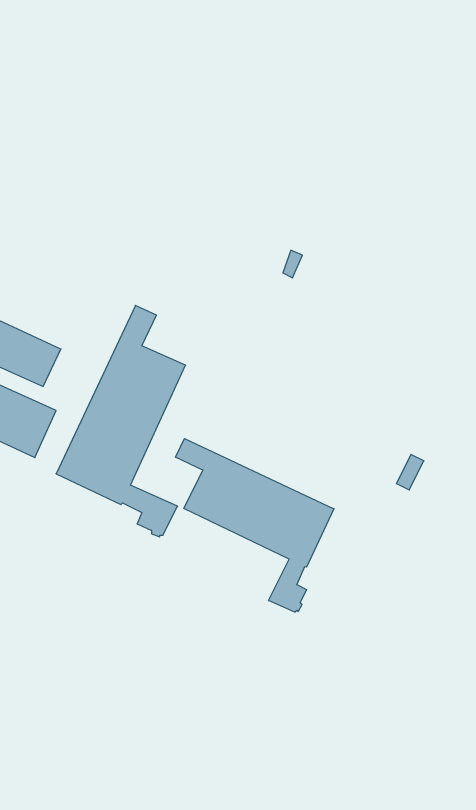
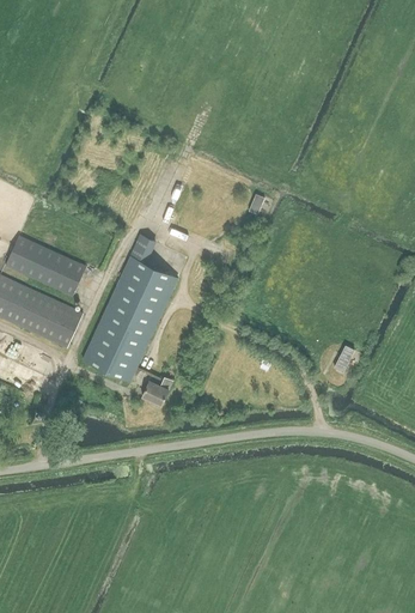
building: [176,439,334,612] -> none

